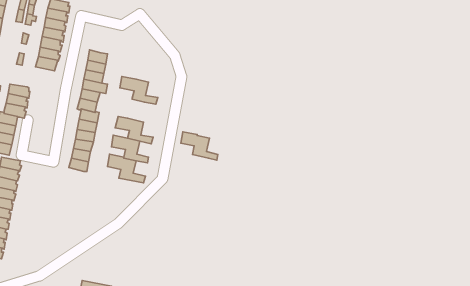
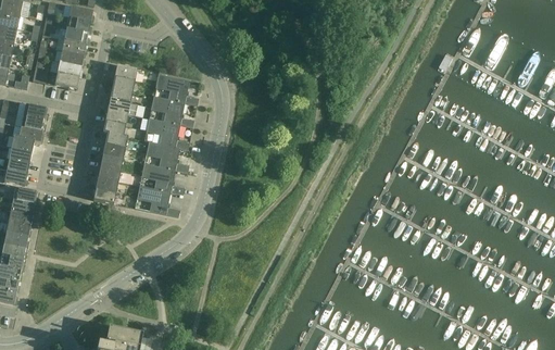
building: none -> [154,72,198,103]
building: [181,132,218,160] -> [146,115,188,148]

